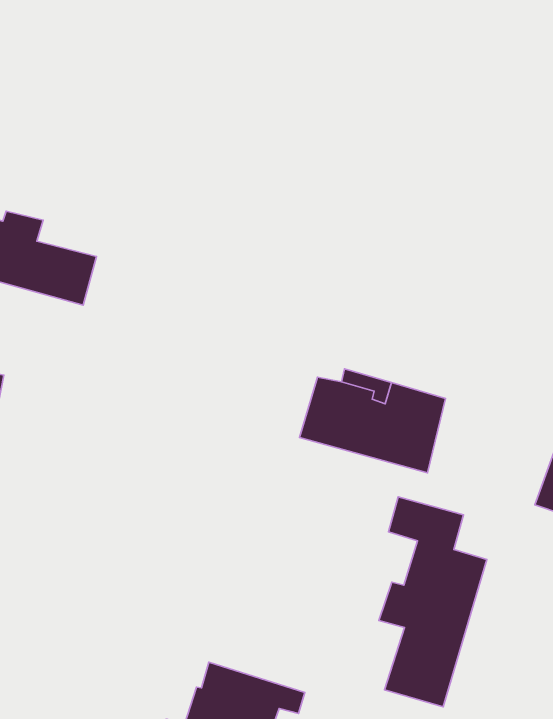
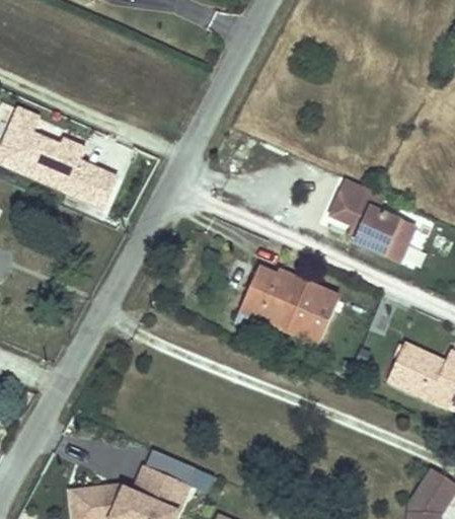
building: none -> [322,182,407,258]
building: [379,497,487,707] -> none

